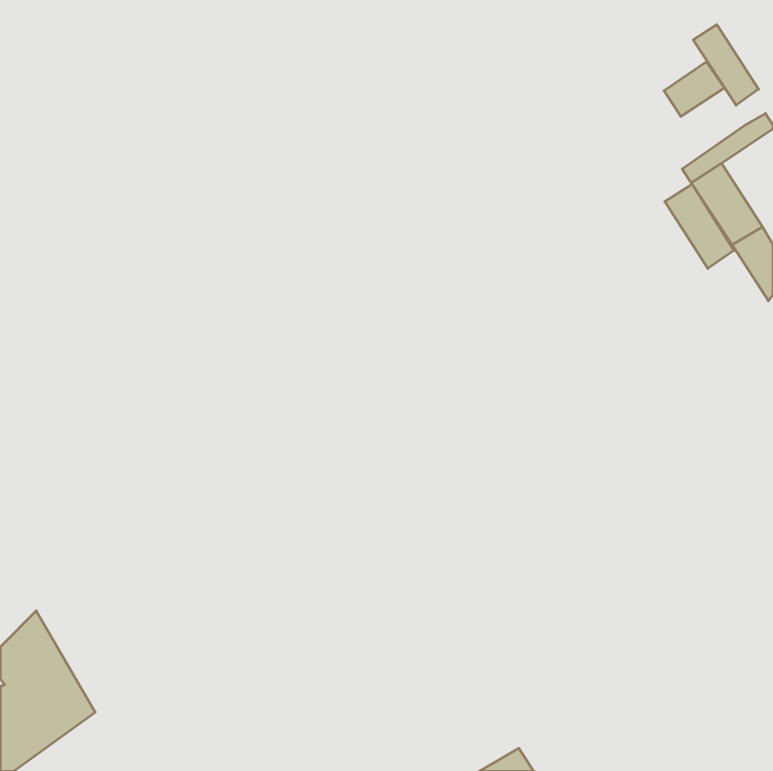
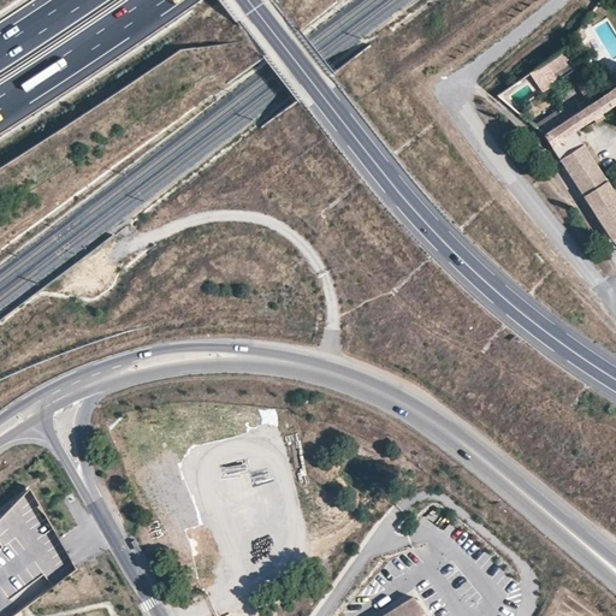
building: [693,25,759,105] -> none
building: [665,184,734,269] -> none

